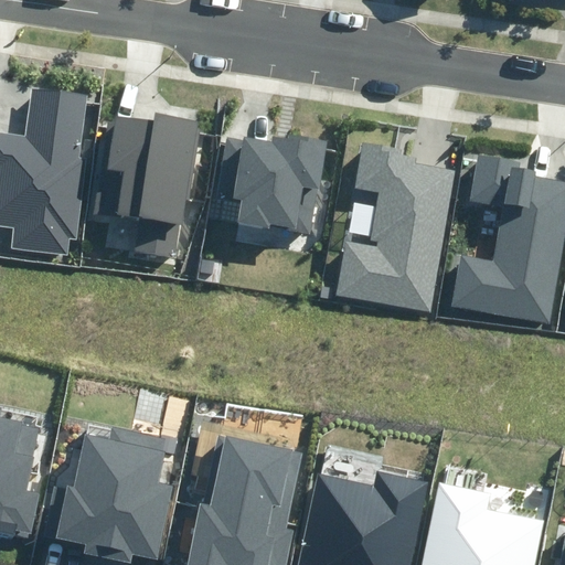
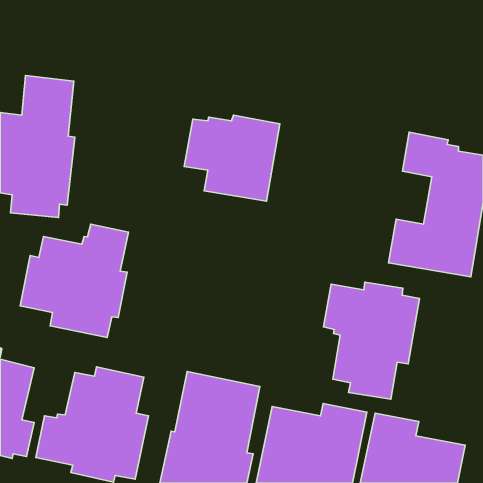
building: [92,113,199,257] -> none
building: [337,142,458,311] -> none
building: none -> [20,224,128,338]
building: none -> [323,282,420,399]

